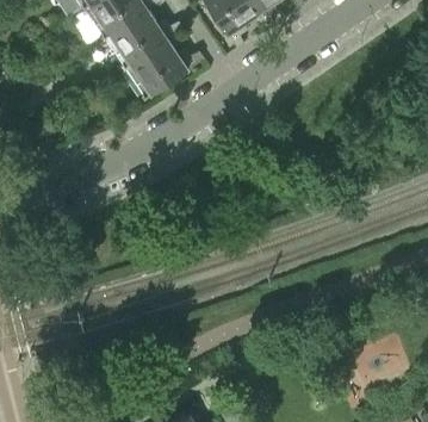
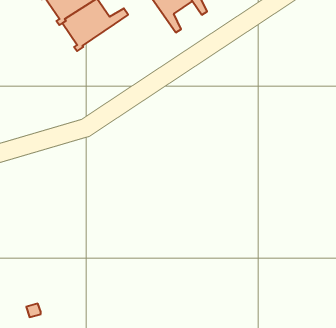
building: [128,39,203,100] -> none

